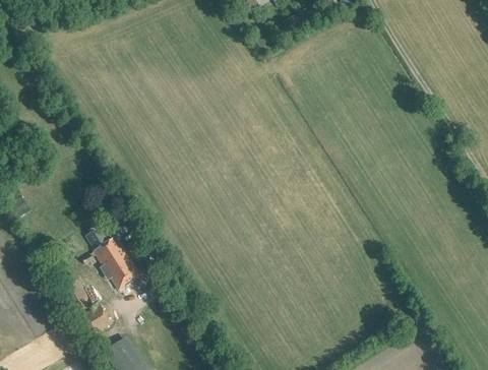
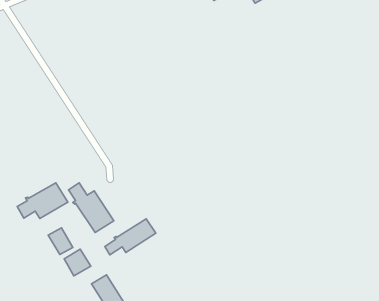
building: none -> [17,183,68,219]
building: none -> [105,219,156,255]

